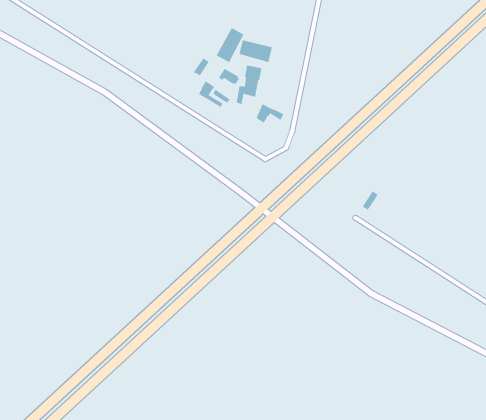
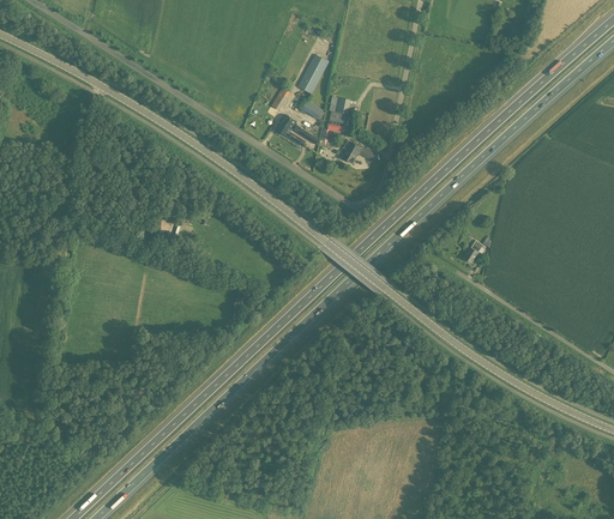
building: [239,39,273,63] -> none

